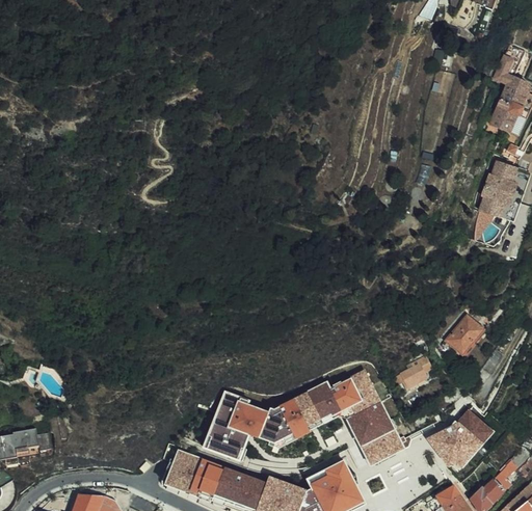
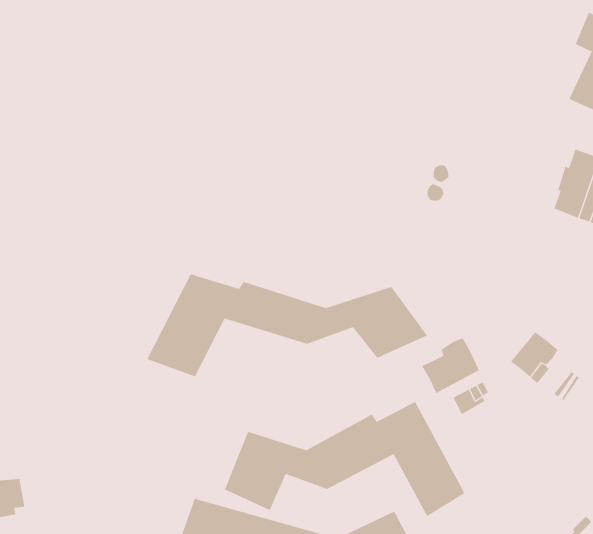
building: none -> [146,274,428,377]
building: none -> [421,337,479,394]
building: [427,408,495,473] -> none

